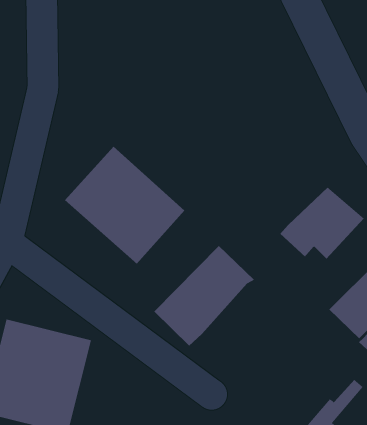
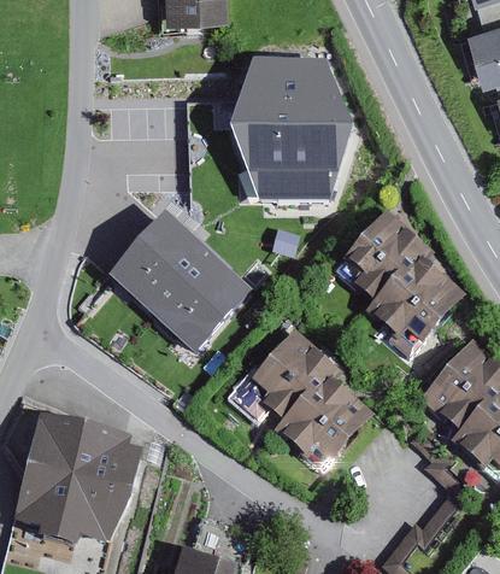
building: none -> [230,52,353,198]
building: none -> [339,216,423,304]
building: none -> [271,374,370,465]

